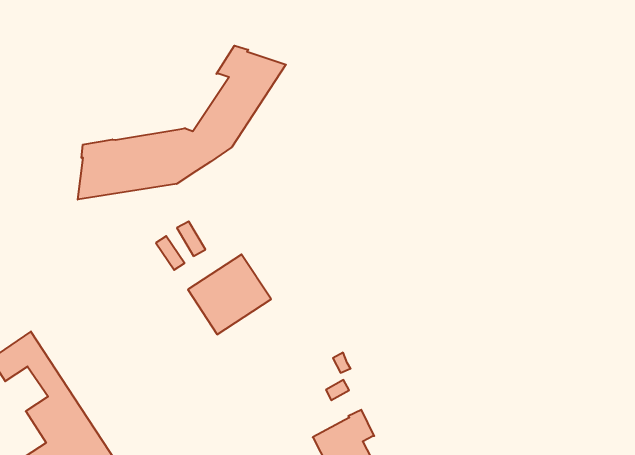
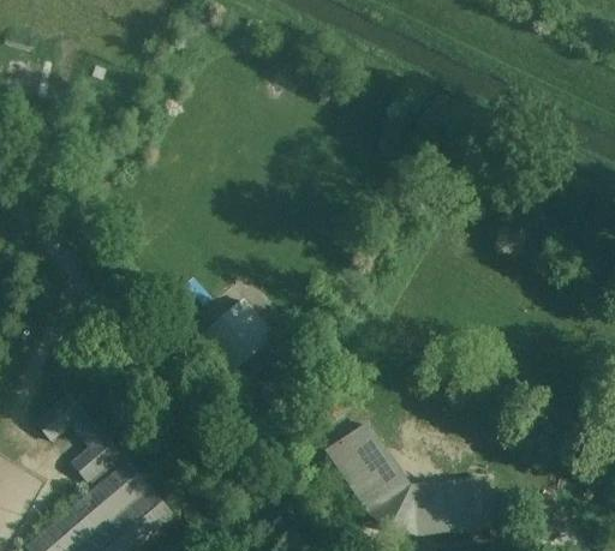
building: [78,46,286,200] -> none

